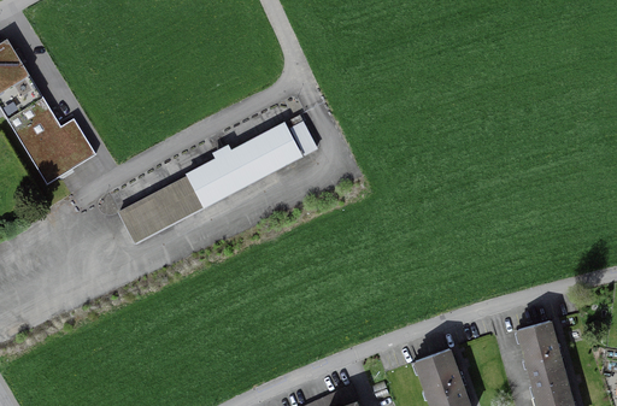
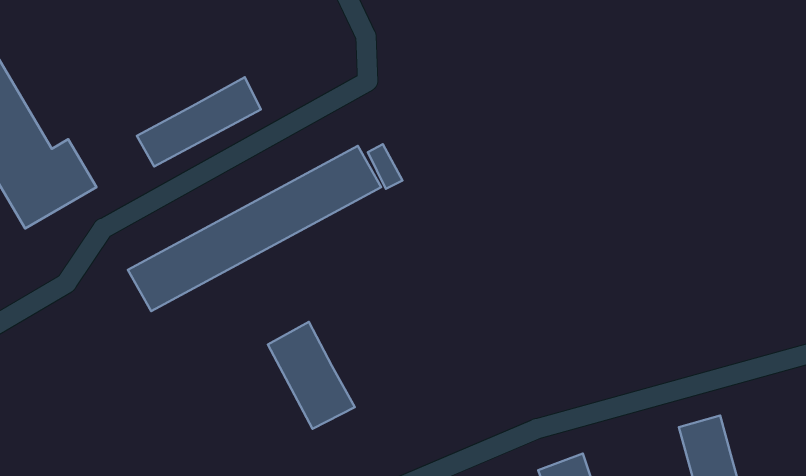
building: none -> [137,77,261,167]
building: none -> [268,322,355,429]

